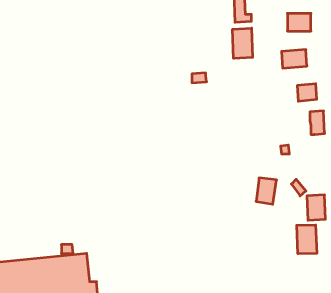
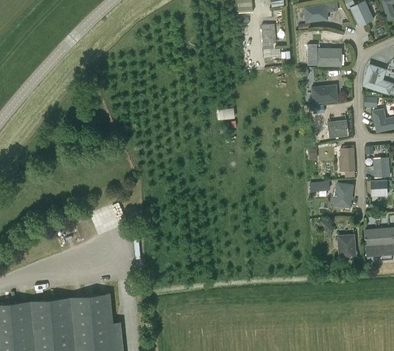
building: [233,28,253,58] -> none
building: [256,178,277,204] -> [333,181,354,208]
building: [297,225,317,254] -> none

